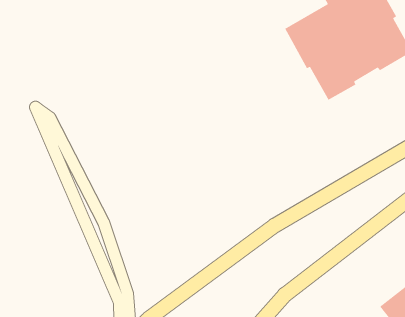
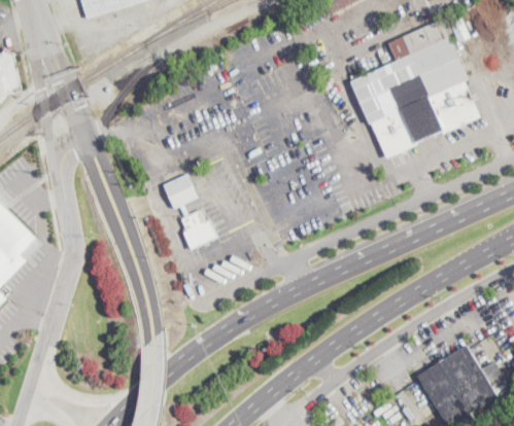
building: none -> [163,173,216,249]

